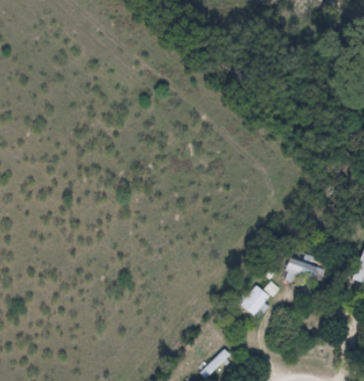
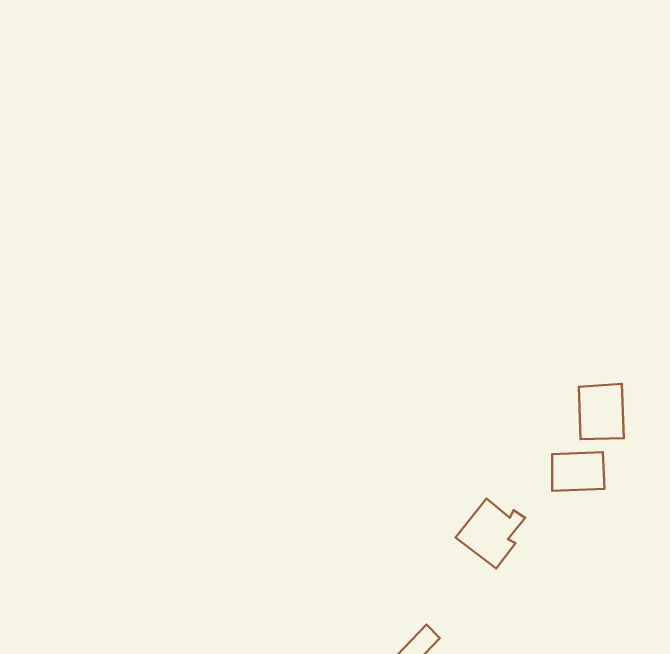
building: none -> [579,384,624,439]

